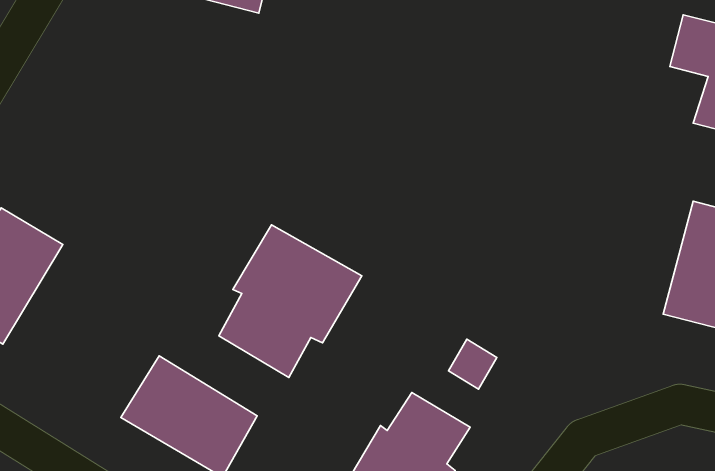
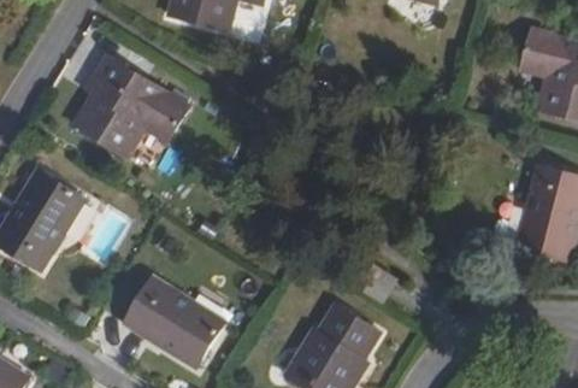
building: none -> [75,55,188,154]
building: [219,225,362,377] -> none

